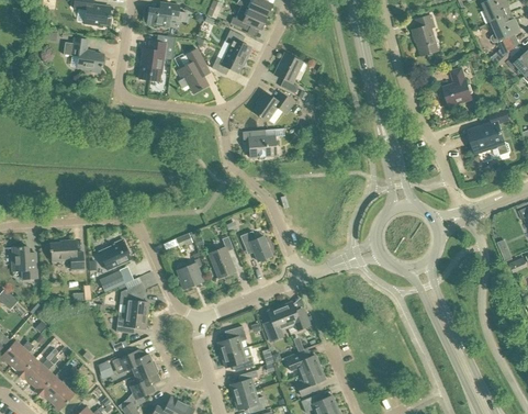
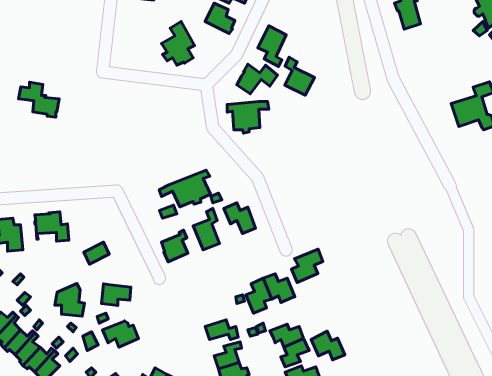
building: [63,37,103,72] -> [19,82,59,117]
building: [138,42,166,81] -> none
building: [211,48,245,75] -> none
building: [443,68,473,105] -> none
building: none -> [285,57,314,95]
building: none -> [159,170,211,207]
building: [99,239,131,270] -> none
building: none -> [292,249,323,282]
building: [119,282,148,315] -> [55,283,84,316]
building: [217,326,246,355] -> none
building: none -> [311,331,345,360]
building: [130,367,159,399] -> none

